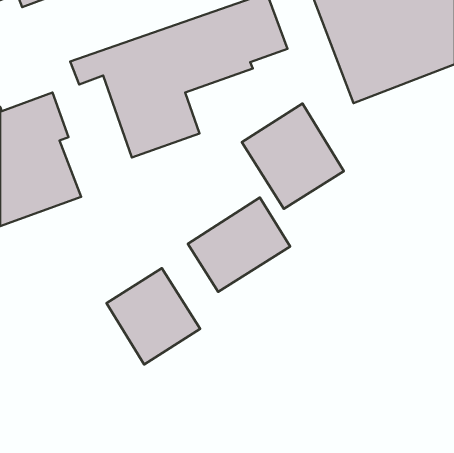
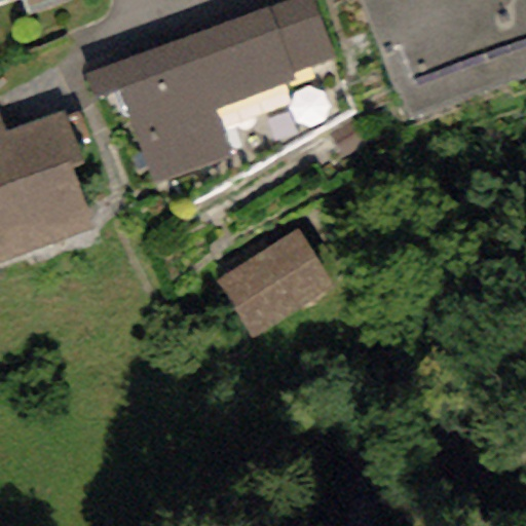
building: [242,103,344,209] -> none
building: [106,268,200,365] -> none

